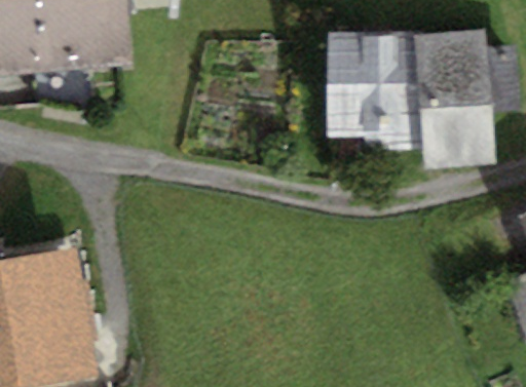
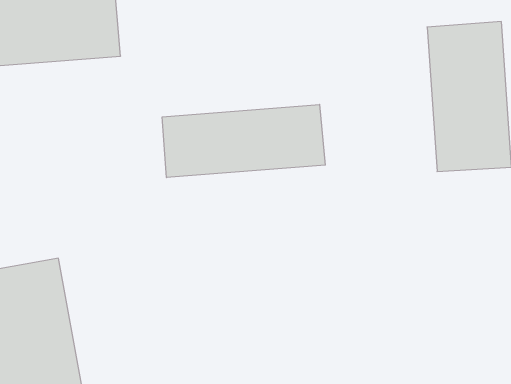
building: [321,40,411,137] -> none
building: none -> [162,104,325,178]

